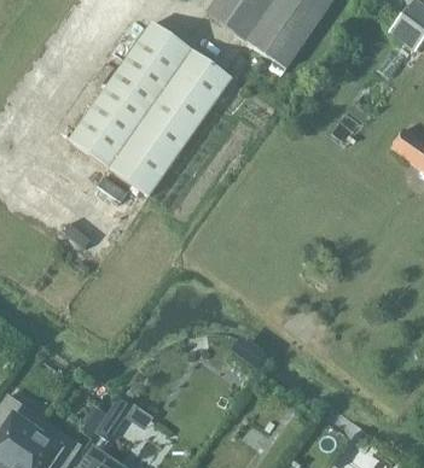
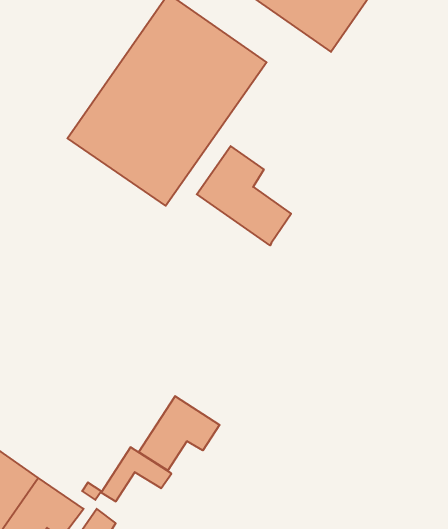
building: none -> [197,146,291,245]
building: none -> [139,396,220,470]

